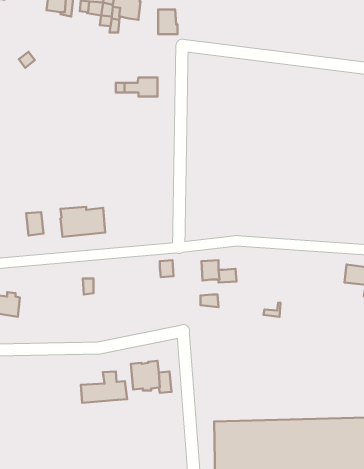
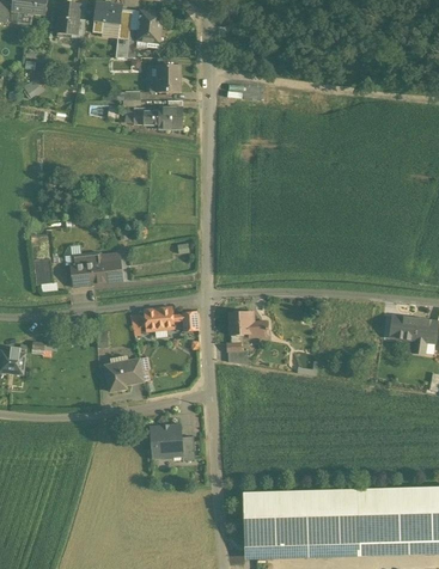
building: [158,10,177,34] -> [157,65,178,92]
building: none -> [144,305,173,330]
building: none -> [105,361,142,391]
building: [81,371,127,403] -> none

